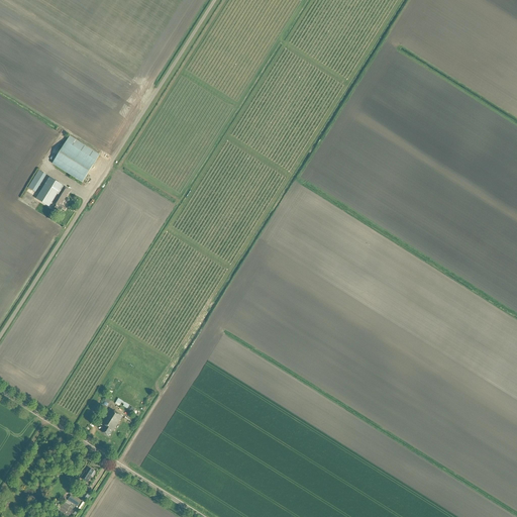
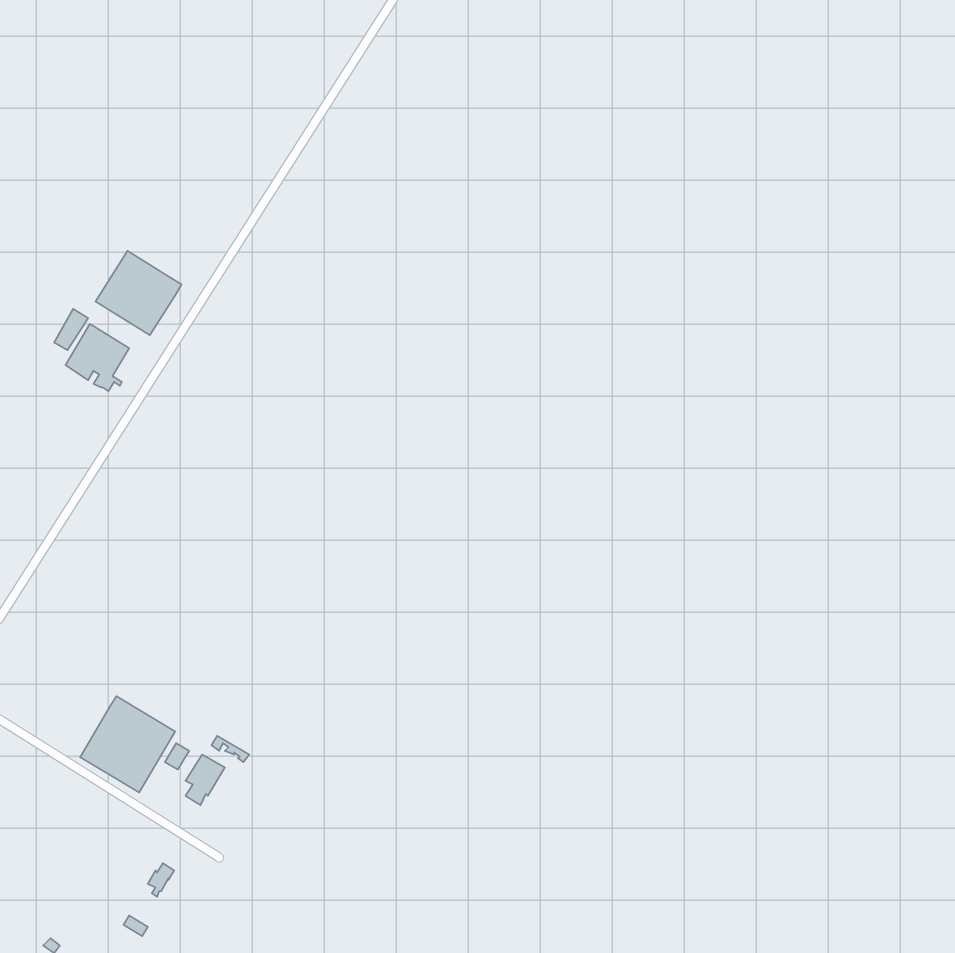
building: none -> [80,696,175,792]

